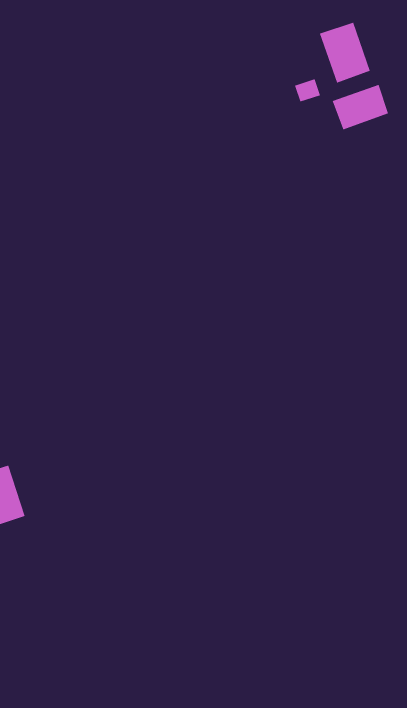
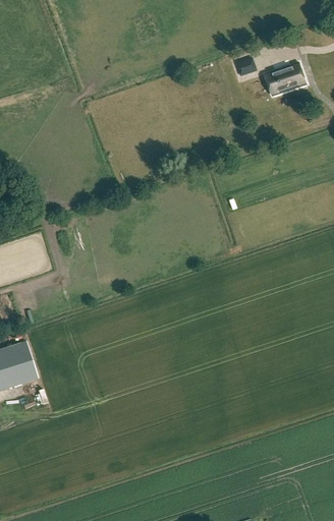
building: [319,22,370,84] -> none

